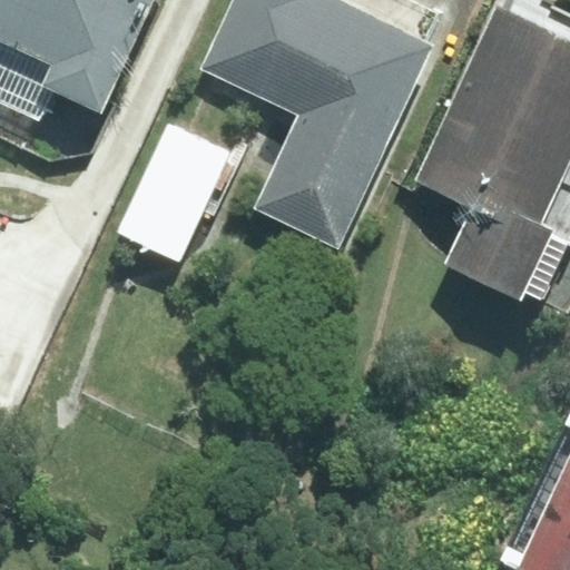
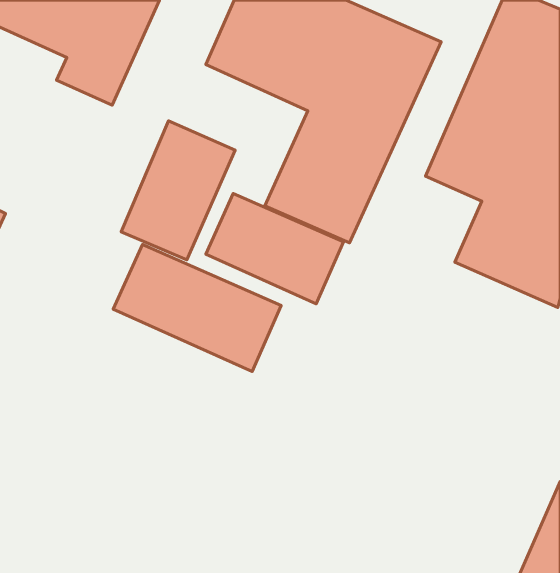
building: none -> [206,194,344,304]
building: none -> [113,244,281,372]

